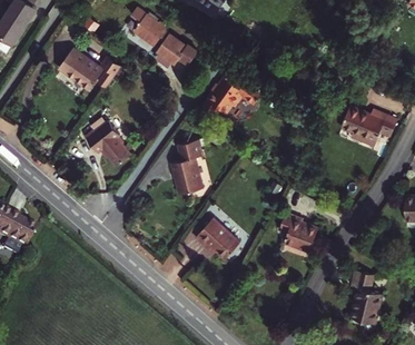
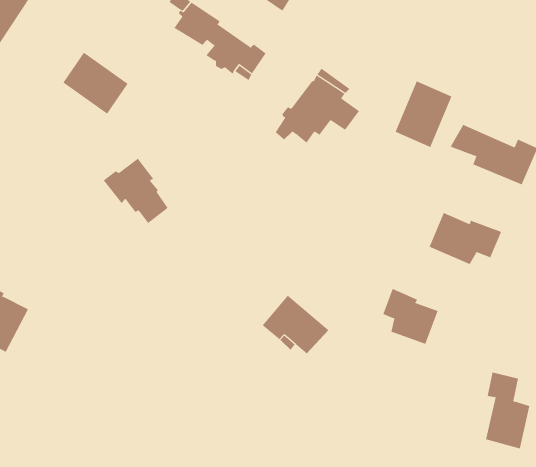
building: none -> [395,80,452,148]
building: [172,139,206,196] -> none
building: none -> [429,212,502,265]

